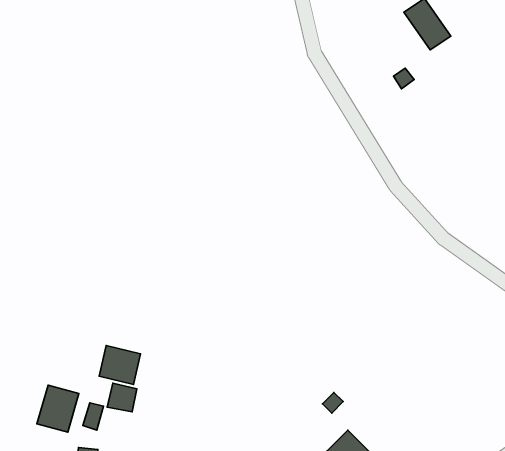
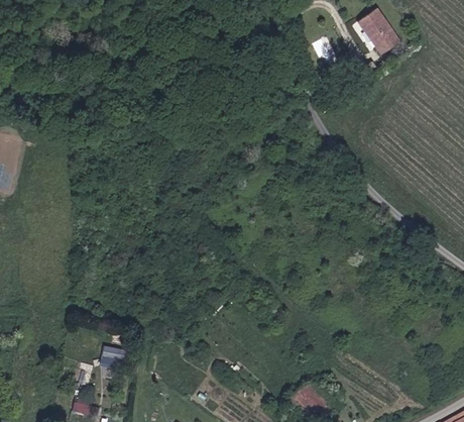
building: [99,346,141,384] -> none
building: [37,385,79,432] -> none

